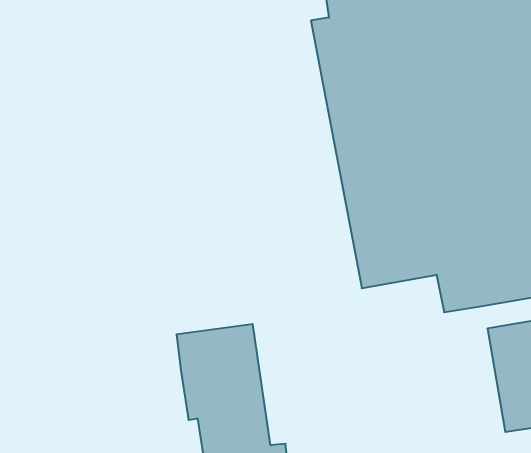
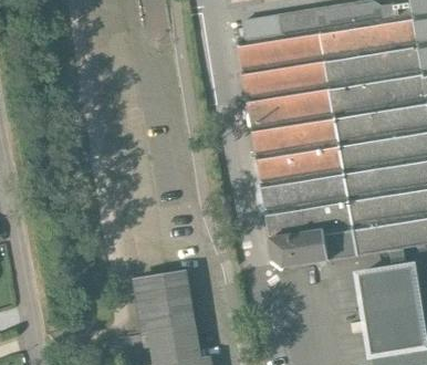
building: none -> [270,231,331,268]

